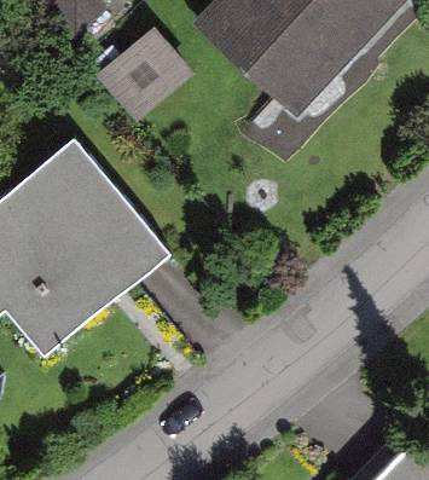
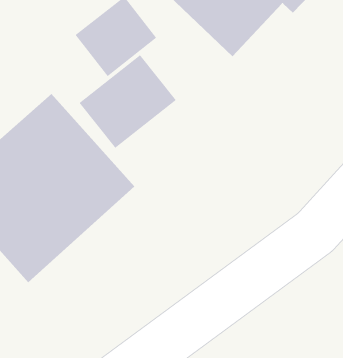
building: none -> [78,54,177,149]

